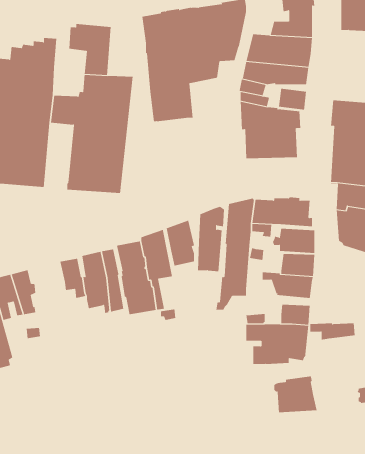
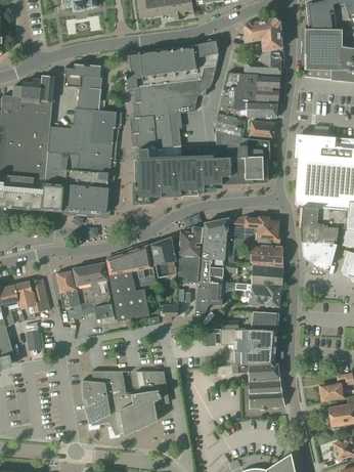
building: none -> [134,146,221,203]
building: none -> [43,151,69,210]
building: none -> [29,278,49,315]
building: [309,323,356,340] -> [238,363,279,379]
building: none -> [83,371,169,435]

